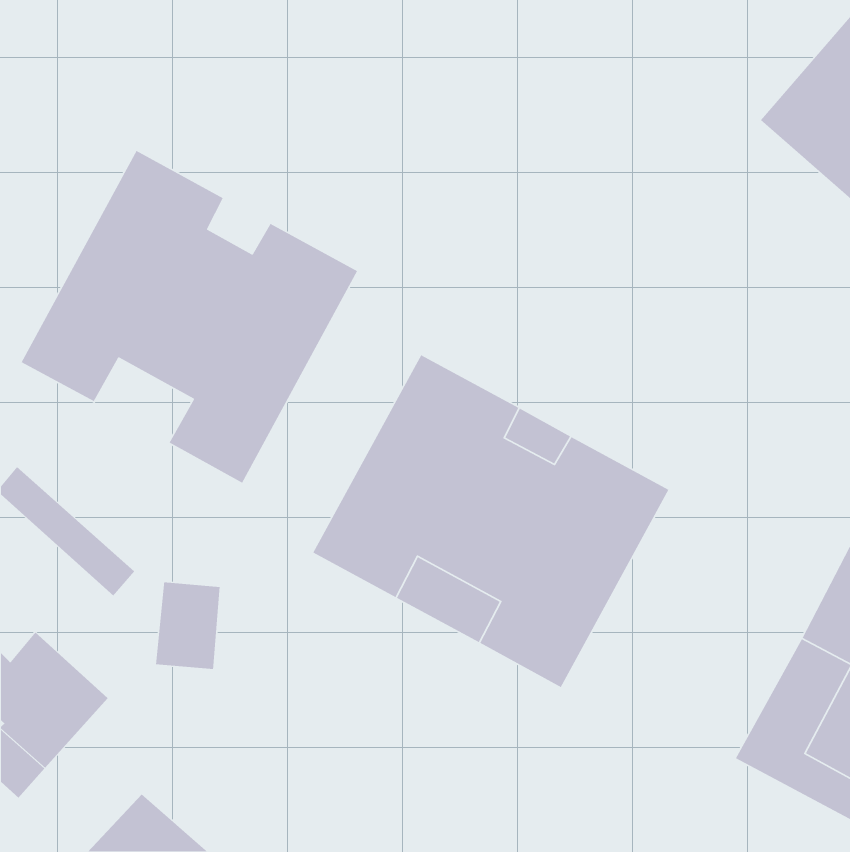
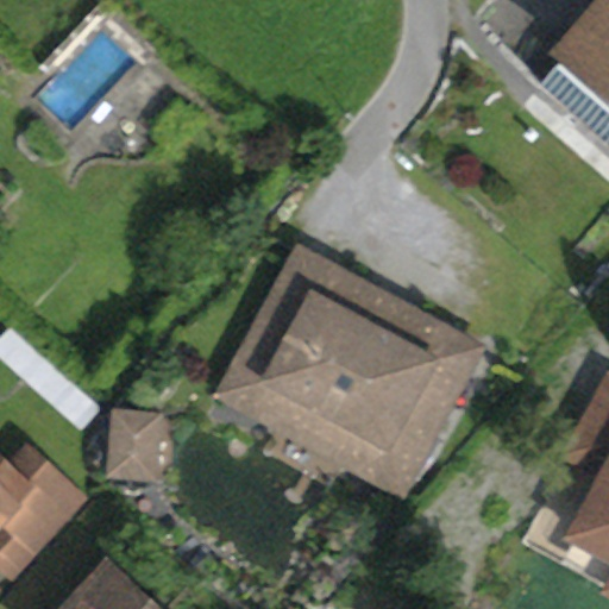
building: [21,150,358,484] -> none

